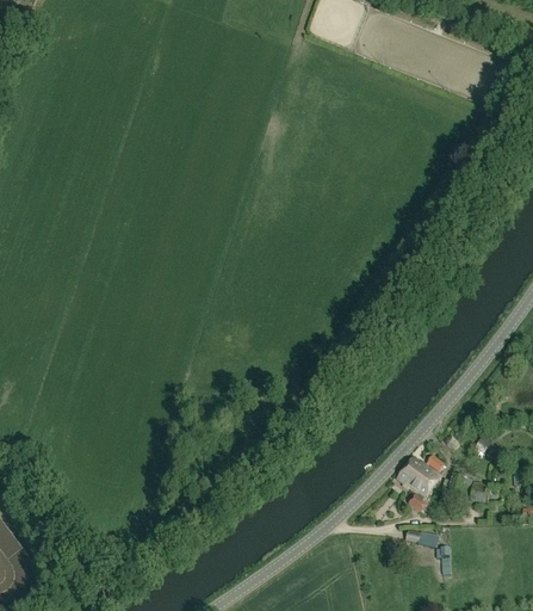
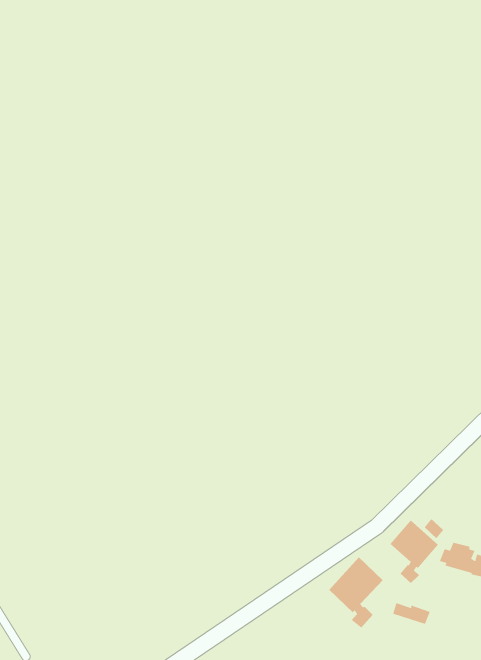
building: none -> [328,556,383,629]

